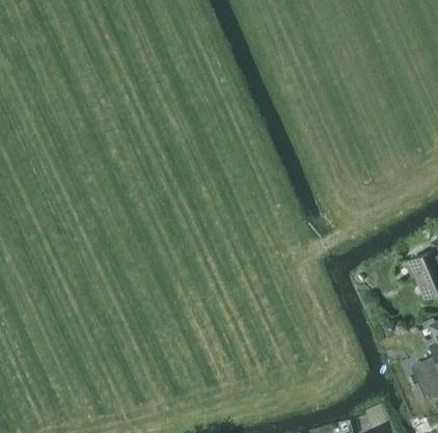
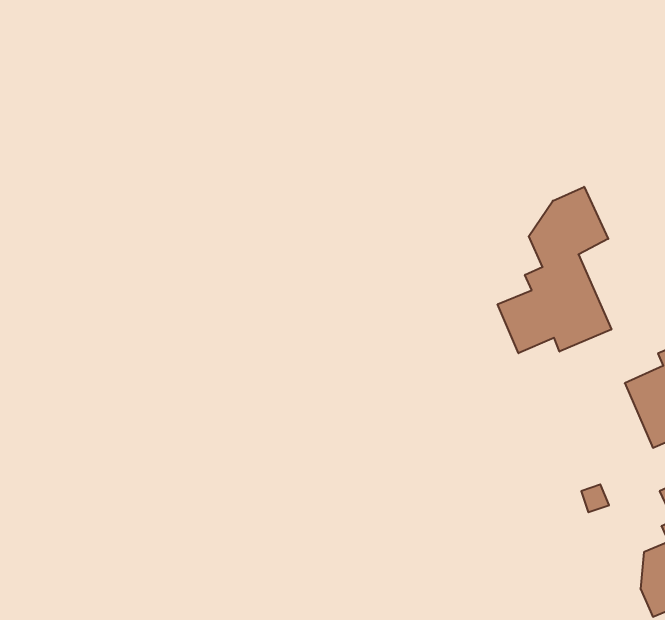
building: none -> [498,187,611,353]

